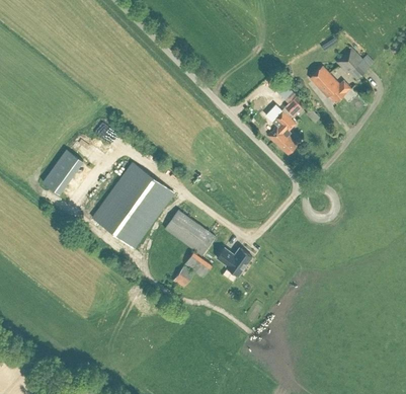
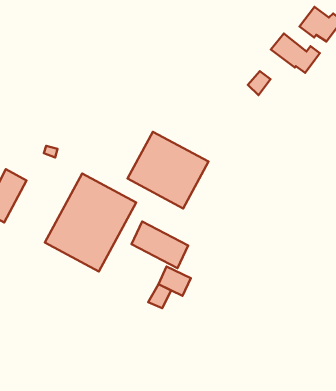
building: [267,111,297,155] -> none
building: none -> [127,132,208,208]
building: [223,248,252,277] -> none

